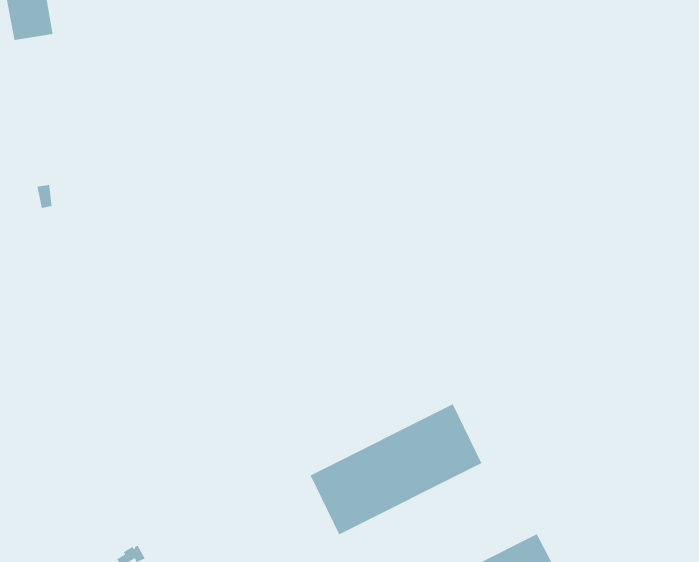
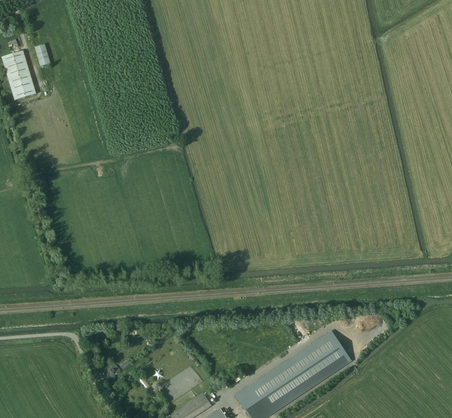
building: [309,403,482,535] -> none

